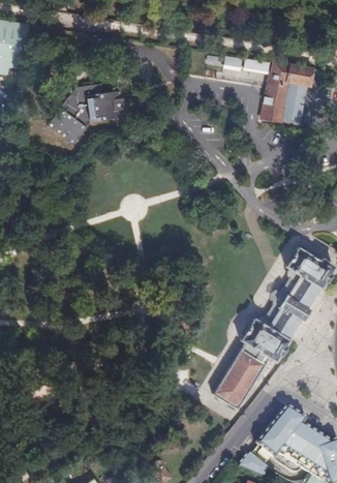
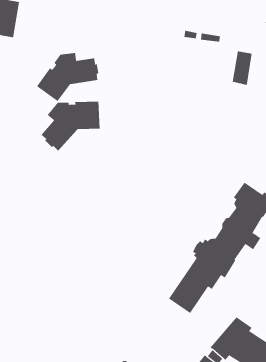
building: [263,66,312,126] -> none
building: none -> [41,101,100,151]

